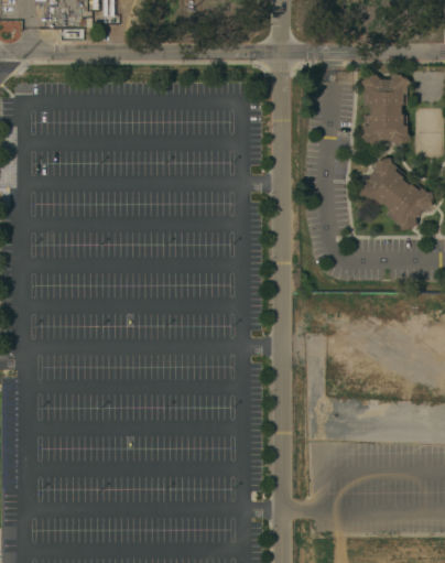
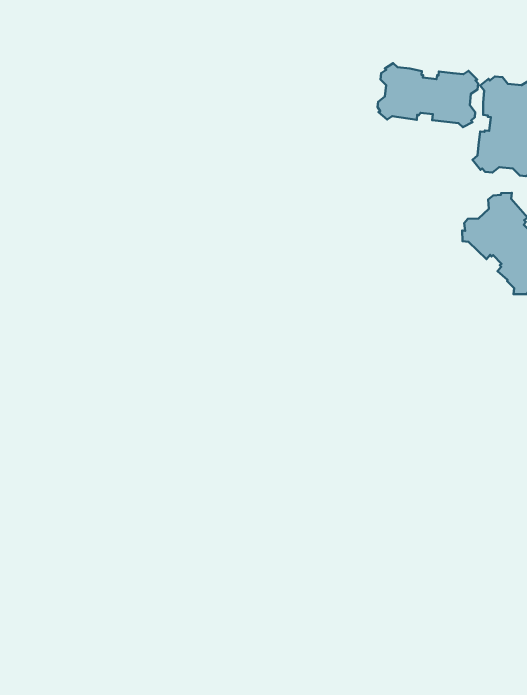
building: none -> [378,63,478,127]

